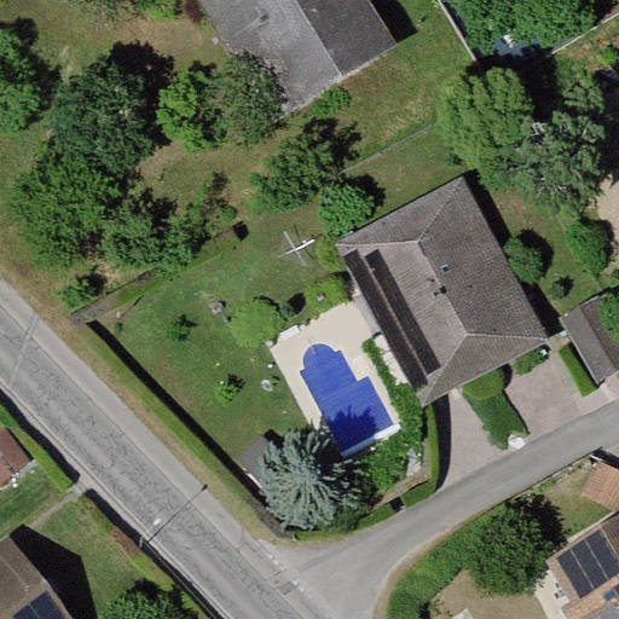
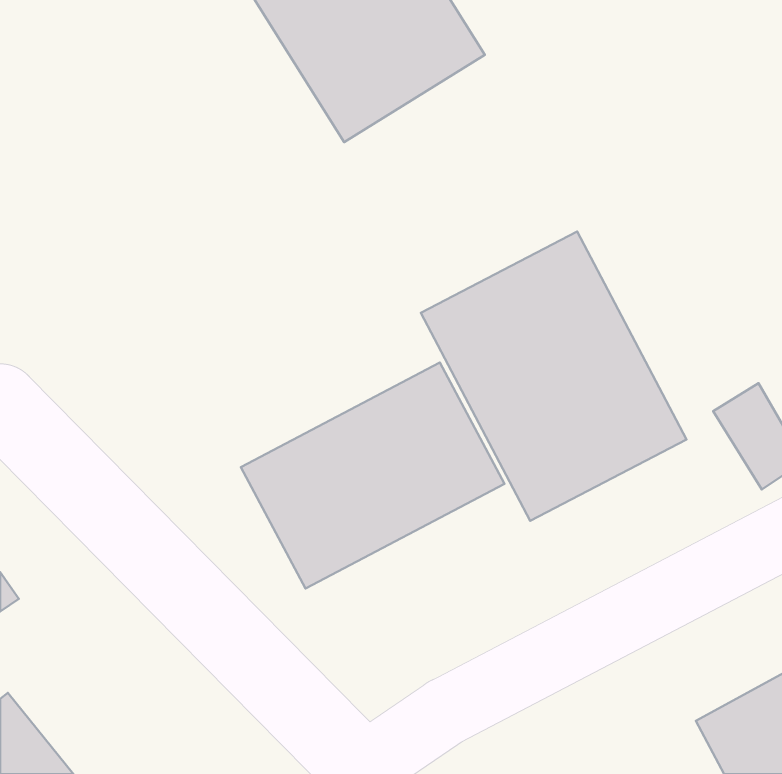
building: none -> [241,362,505,589]

